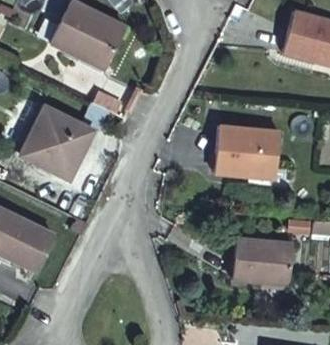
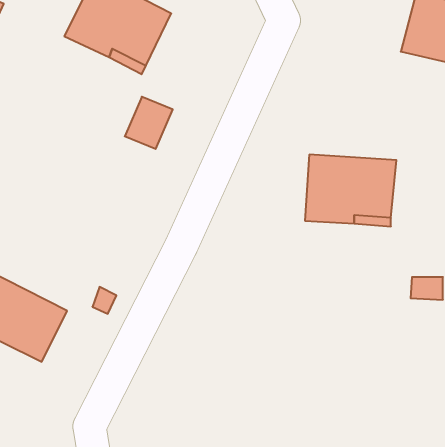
building: [17,106,89,179] -> none
building: [237,235,298,282] -> none

